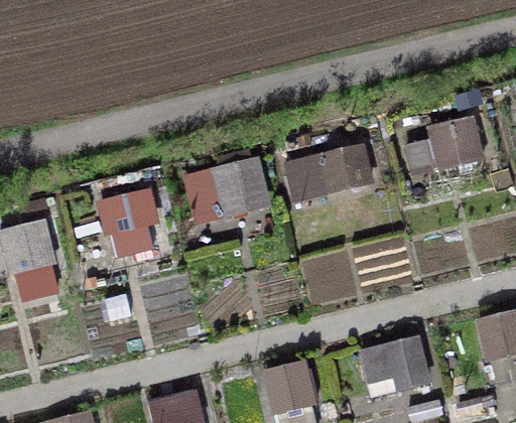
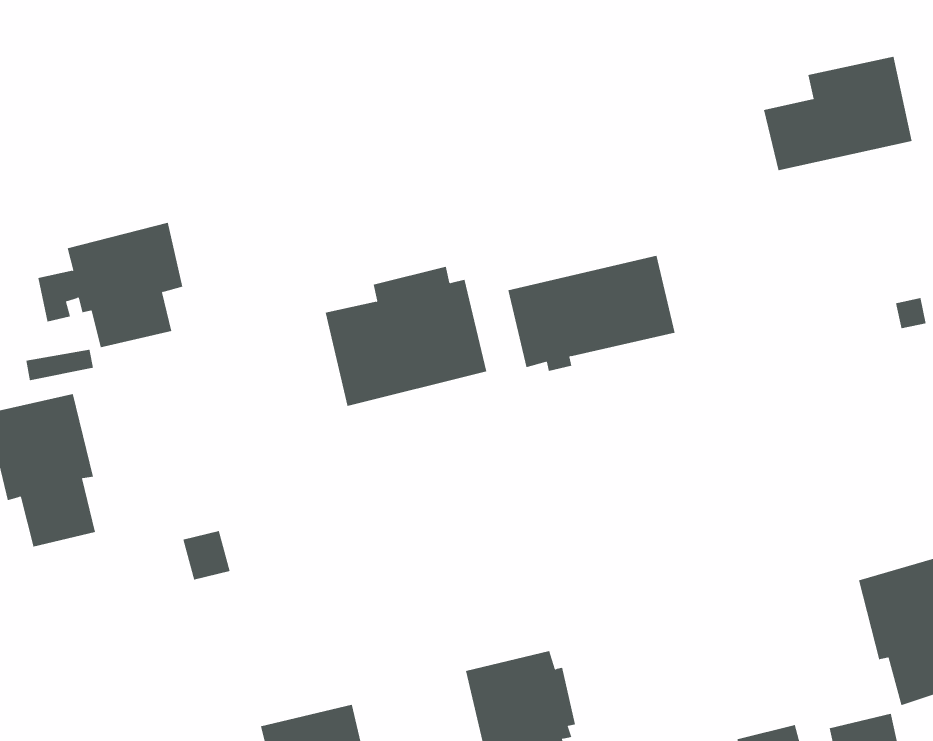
building: [402,114,484,176] -> [763,56,913,171]
building: [80,188,159,257] -> [37,222,183,348]
building: [358,334,431,398] -> none

